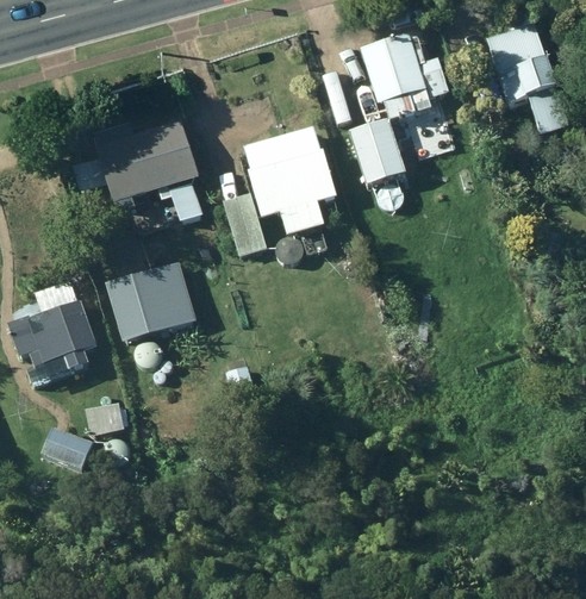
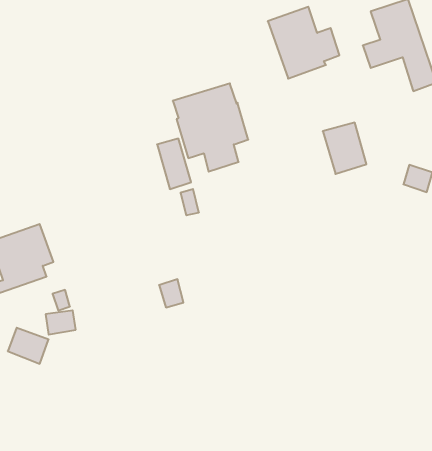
building: [87,120,199,235] -> none
building: [350,121,404,185] -> [323,123,366,174]
building: [106,266,195,338] -> none

